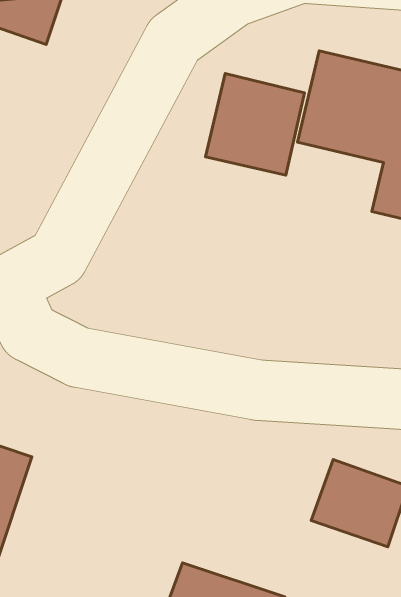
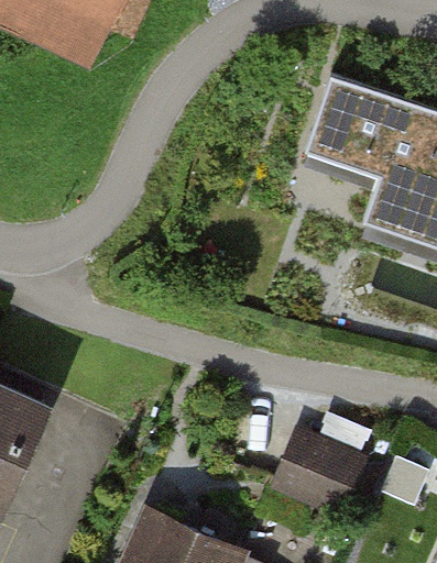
building: [206,73,305,175] -> none

